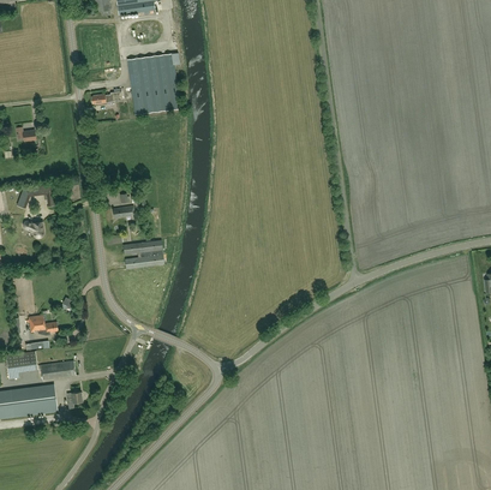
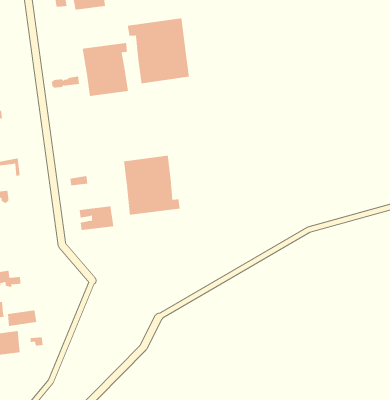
building: none -> [127,17,190,84]
building: none -> [123,155,180,216]

